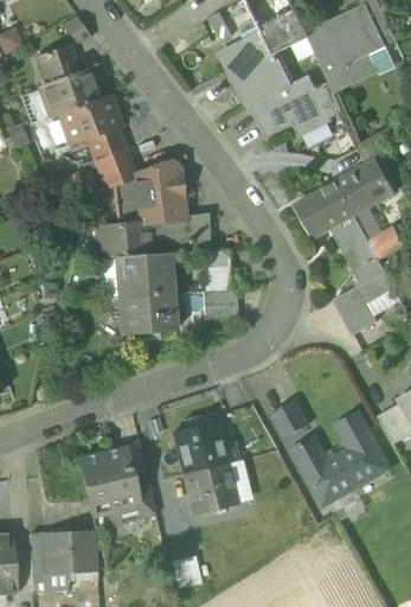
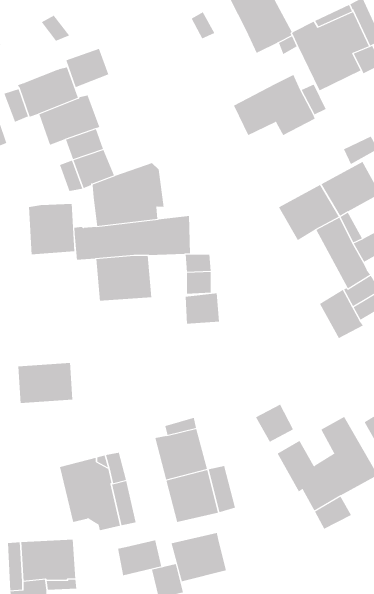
building: [221,31,290,107] -> none
building: [36,43,78,82] -> [66,48,109,88]
building: none -> [29,203,75,255]
building: [118,293,173,333] -> [17,362,73,403]
building: none -> [171,532,227,582]
building: none -> [117,539,162,576]

